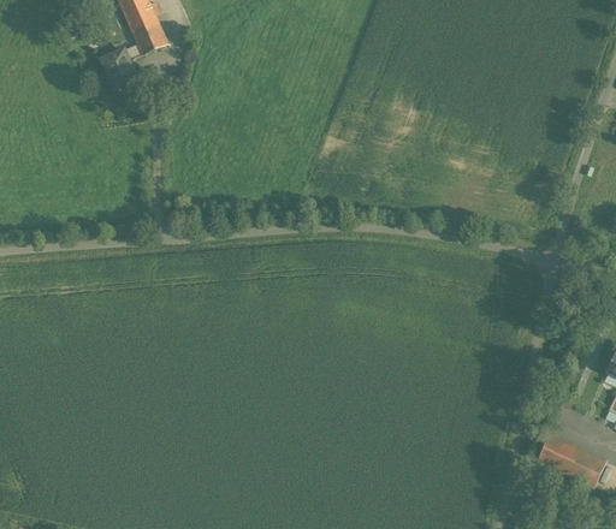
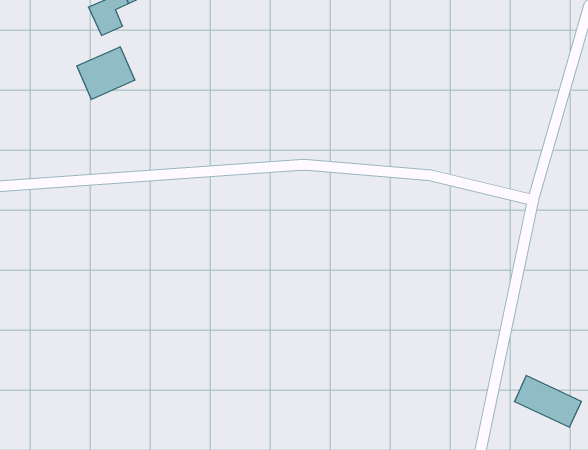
building: none -> [77,47,135,100]

